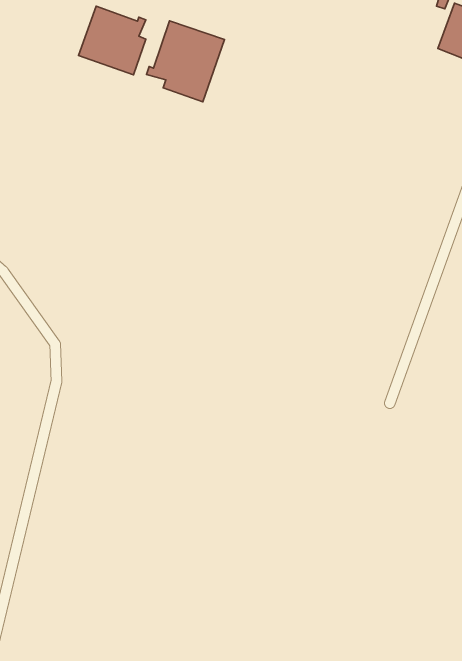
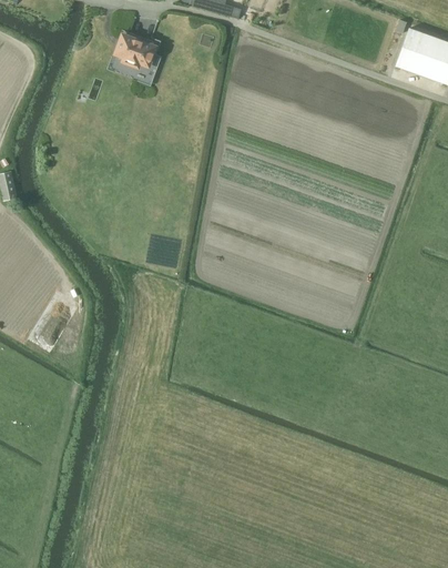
building: [147,21,225,102] -> none

